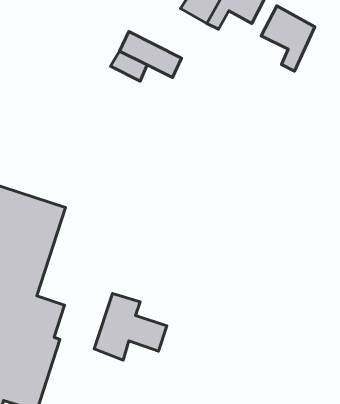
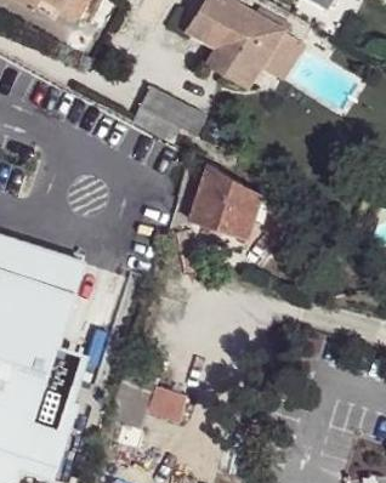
building: [261,6,315,71] -> none
building: none -> [193,163,263,249]

